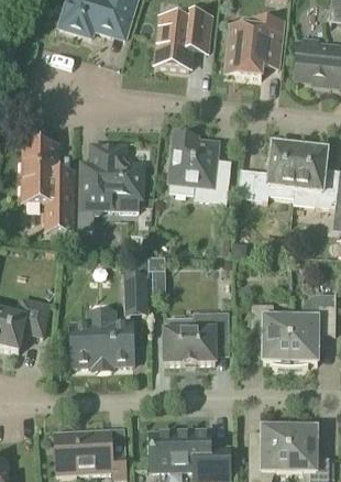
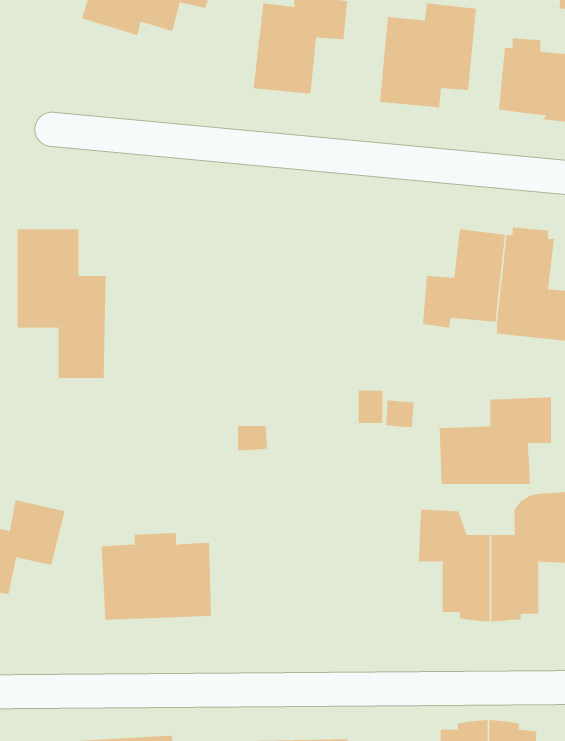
building: [168,132,230,201] -> none
building: [77,144,142,228] -> none
building: [123,272,150,314] -> none
building: [164,311,228,361] -> [439,397,552,484]

